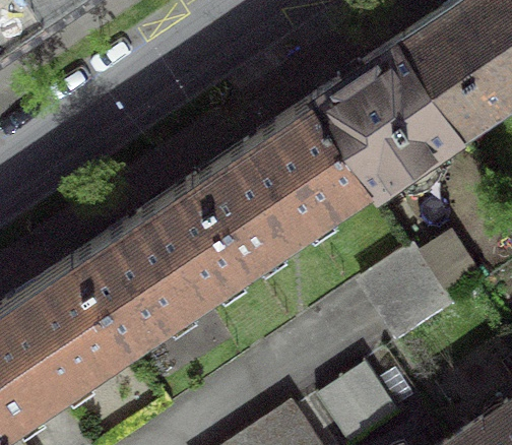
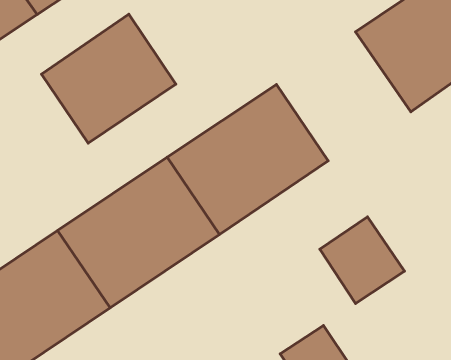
building: none -> [41,14,176,143]
building: [313,44,461,191] -> none

